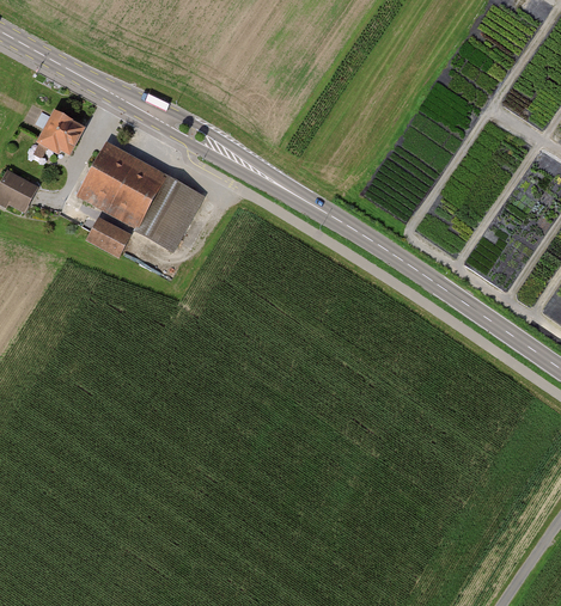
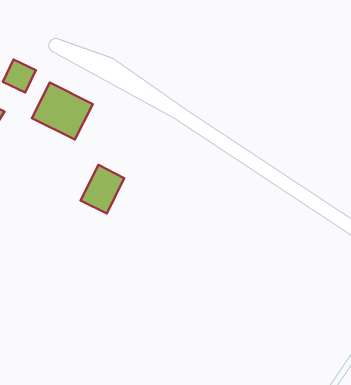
building: [140,175,203,245] -> [80,165,124,214]
building: [86,215,130,255] -> none

